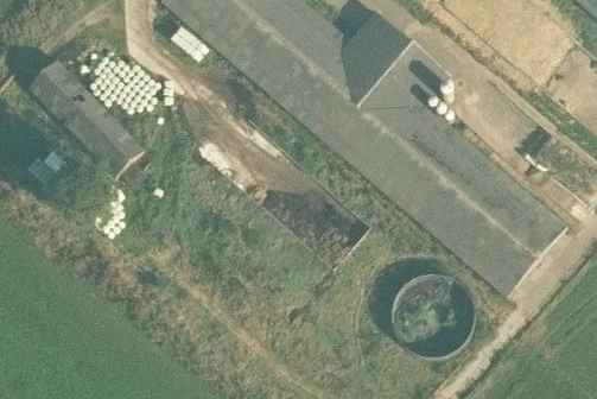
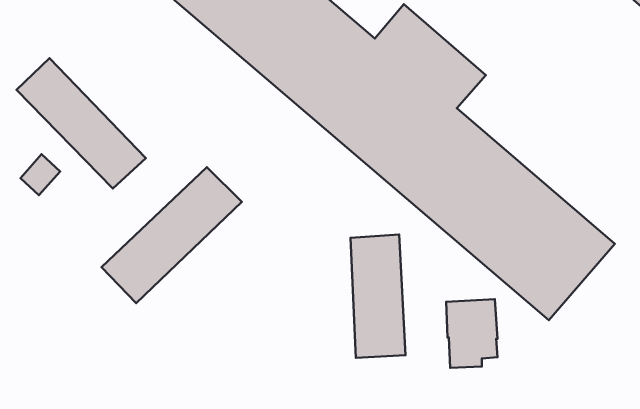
building: none -> [101,167,242,303]
building: none -> [350,234,406,358]

